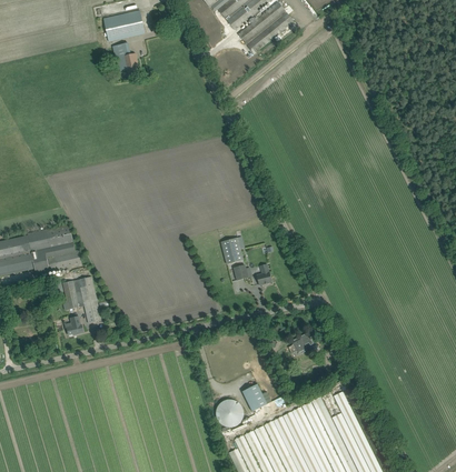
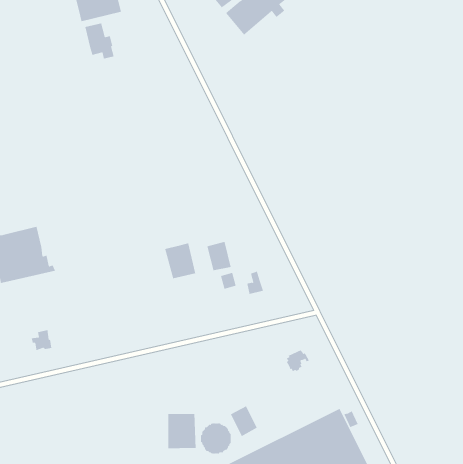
building: none -> [164,243,196,279]
building: [61,277,101,323] -> none
building: none -> [168,413,196,449]

